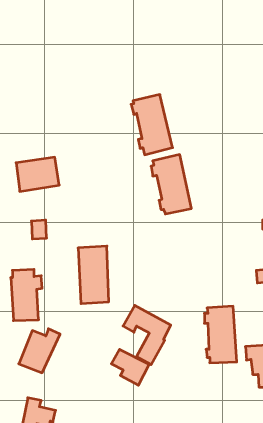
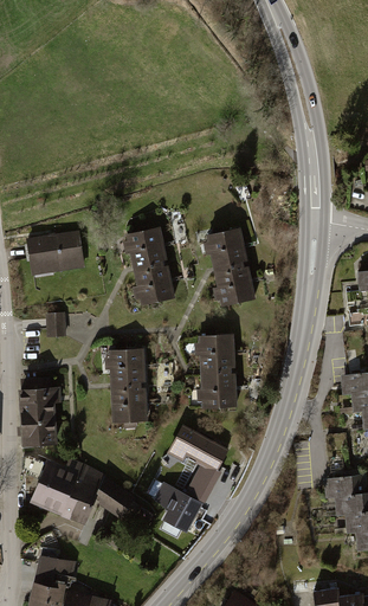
building: [131,95,173,155] -> [123,227,177,307]
building: [204,306,237,363] -> [195,334,238,408]
building: none -> [60,464,135,526]

